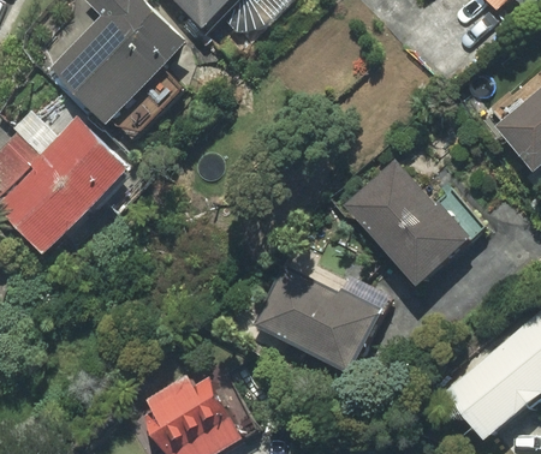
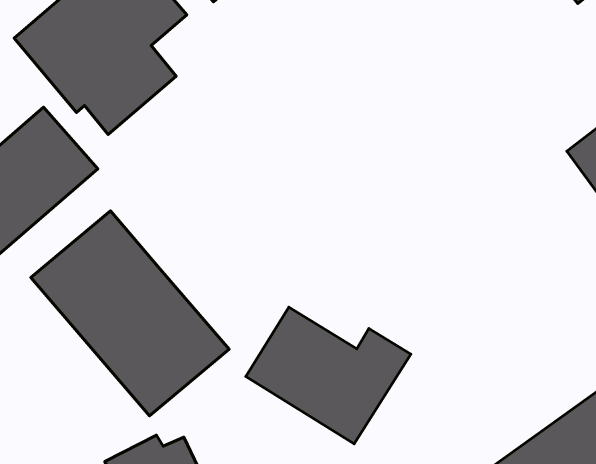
building: [345,161,482,285] -> none
building: none -> [31,211,229,416]

